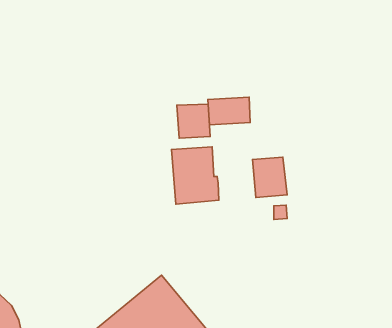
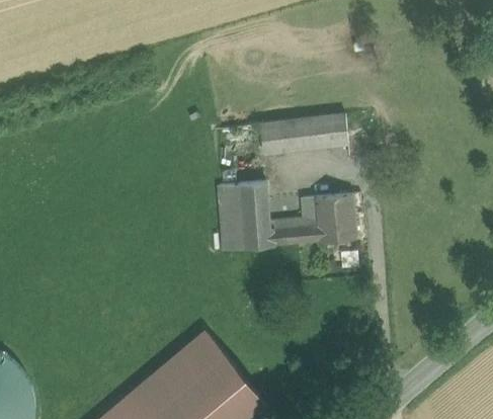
building: none -> [309,118,346,151]
building: [177,104,210,138] -> none
building: none -> [271,195,317,244]

